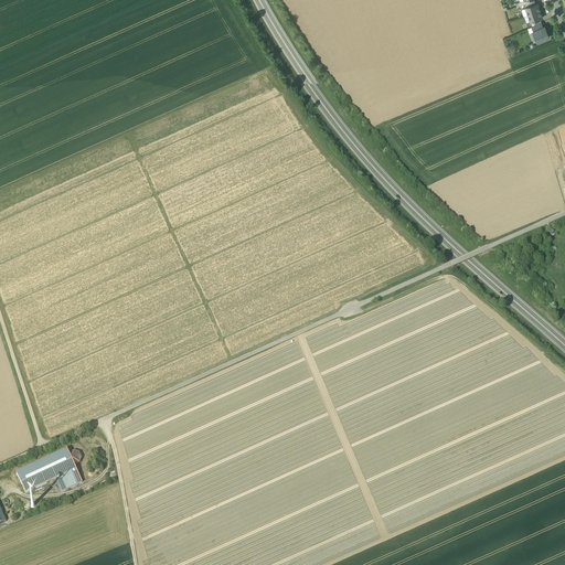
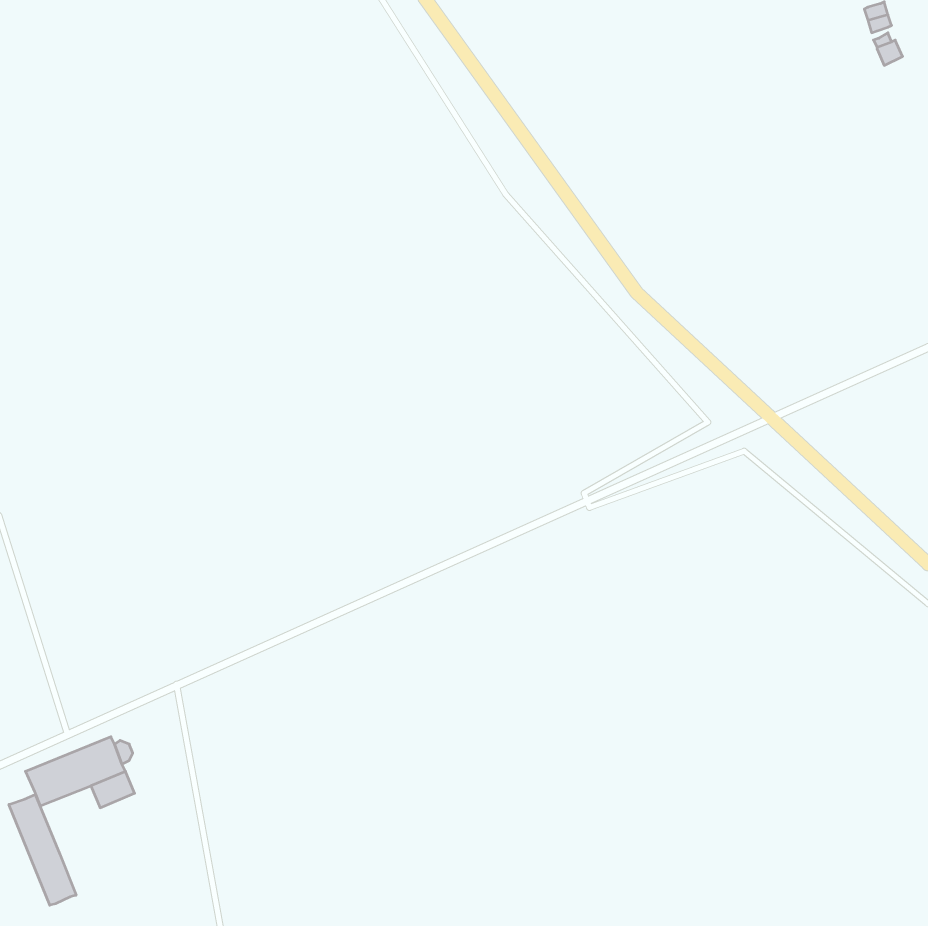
building: none -> [9,794,76,905]

